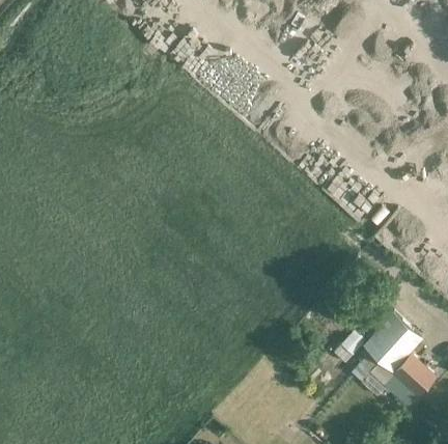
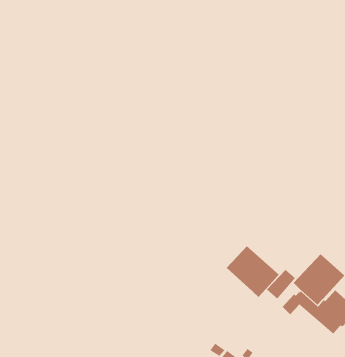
building: none -> [226,245,279,298]

